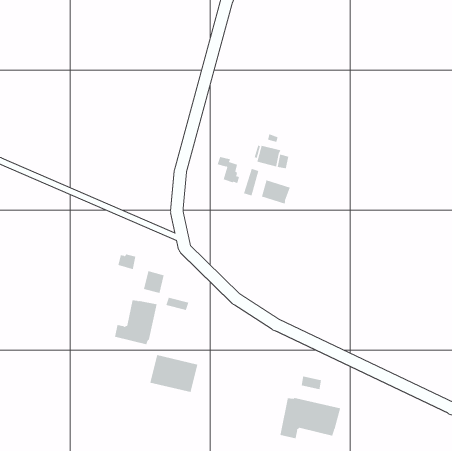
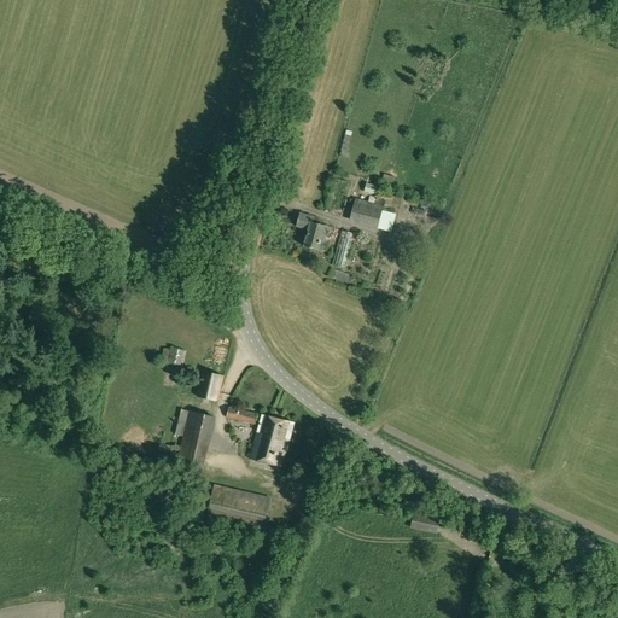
building: [261,180,291,205] -> none
building: none -> [250,414,295,467]
building: [280,397,341,439] -> none

